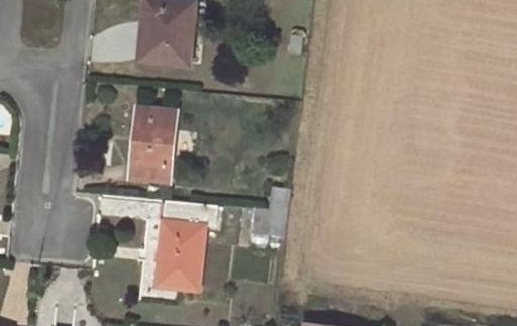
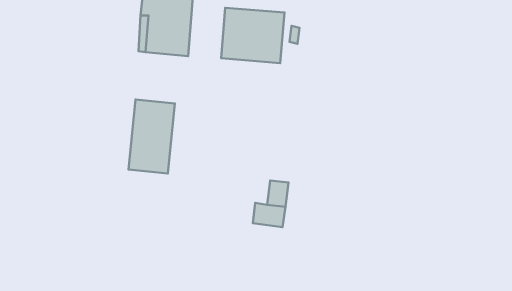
building: none -> [221,8,284,63]
building: [158,201,218,288] -> none

